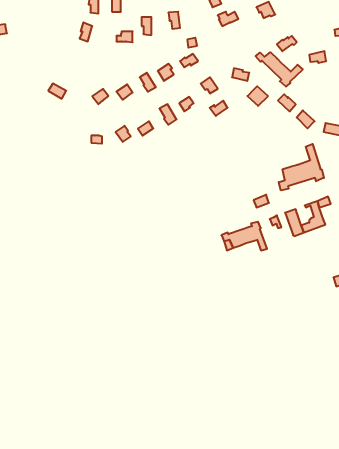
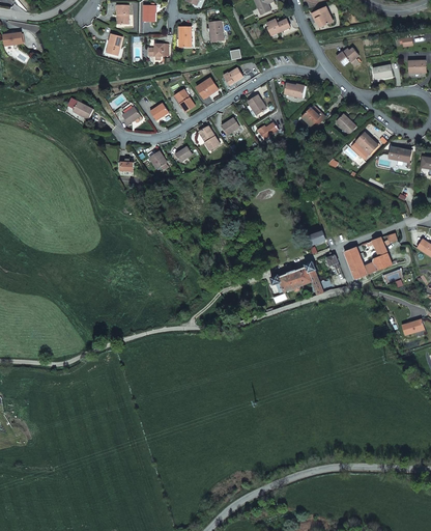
building: [256,52,303,87] -> none
building: [279,144,324,190] -> none

